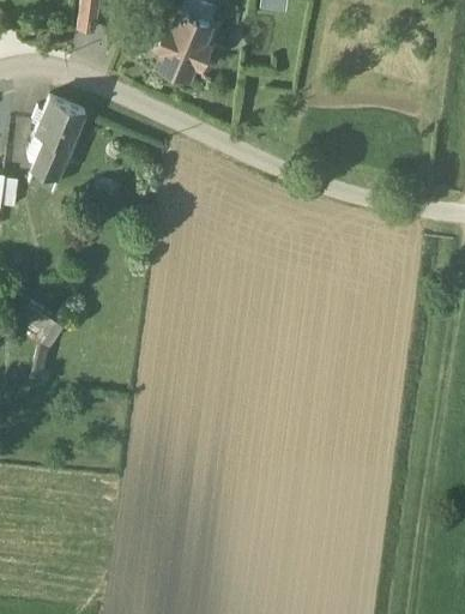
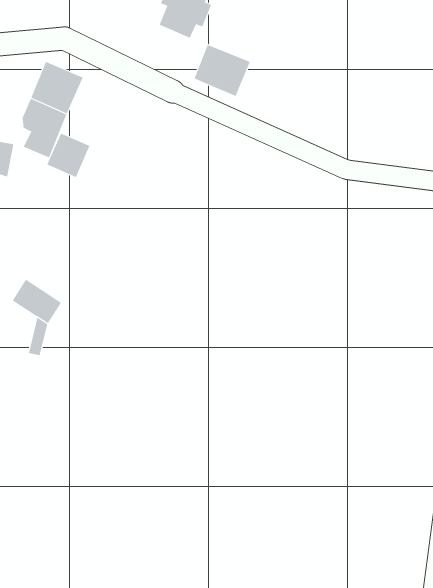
building: none -> [194,44,251,97]
building: none -> [46,133,90,178]

